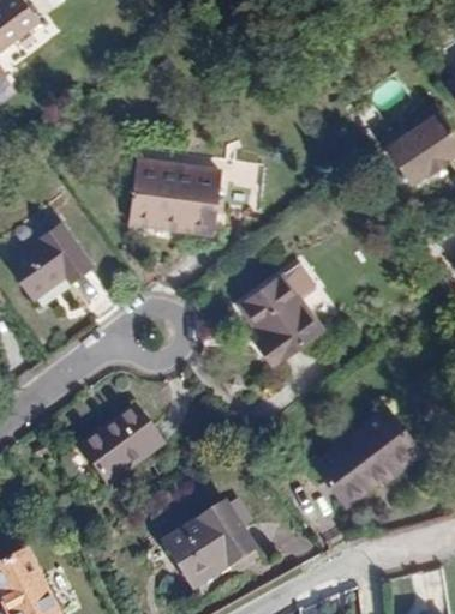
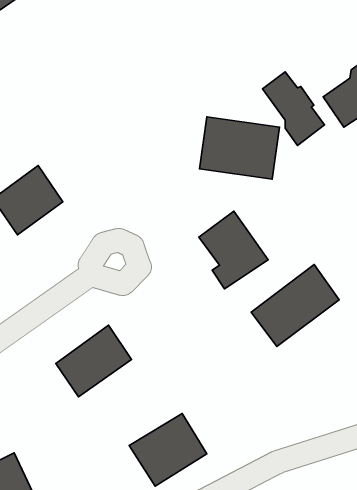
building: none -> [263,72,325,145]
building: [128,162,221,234] -> [200,117,279,179]
building: [317,410,419,505] -> [251,265,339,347]

